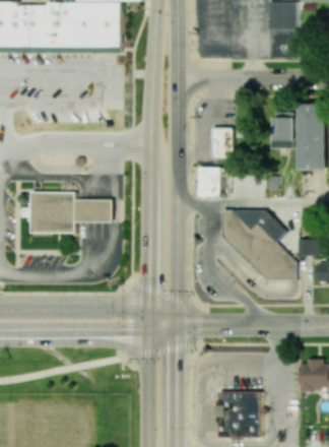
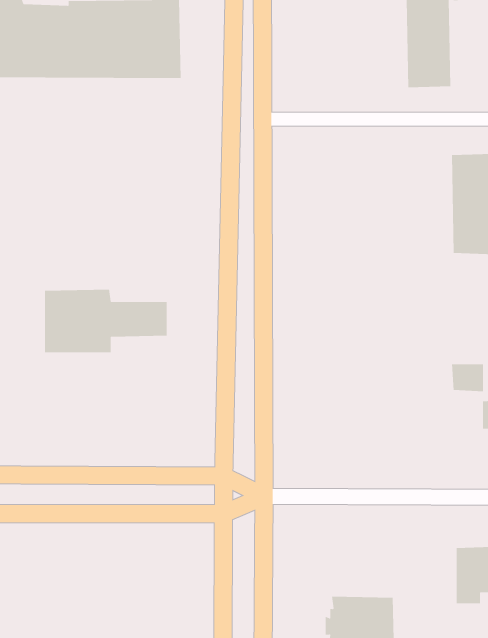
building: [268,112,291,148] -> none
building: [210,127,232,158] -> none
building: [197,167,219,196] -> none
building: [221,209,294,279] -> none

